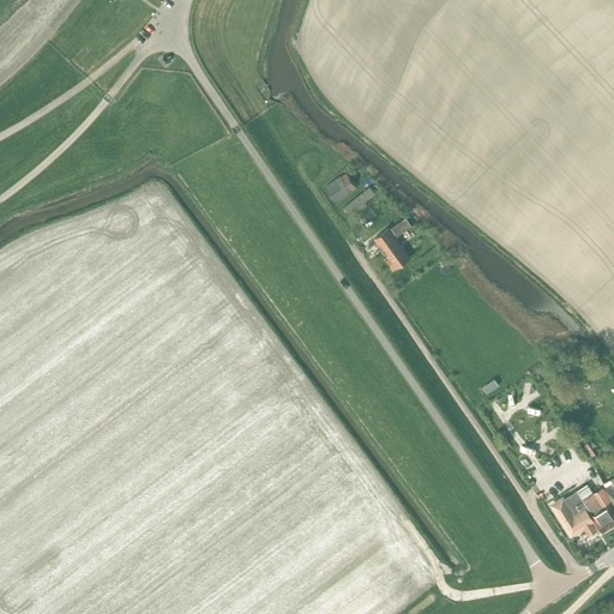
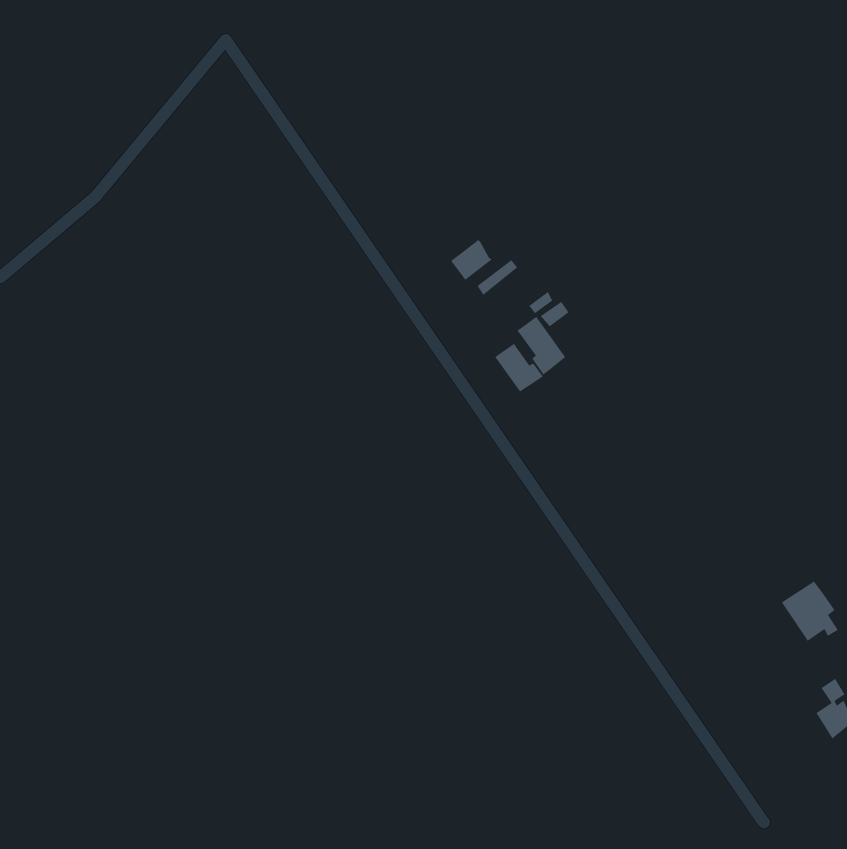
building: none -> [494,343,544,392]
building: [553,490,595,535] -> [781,580,839,642]

